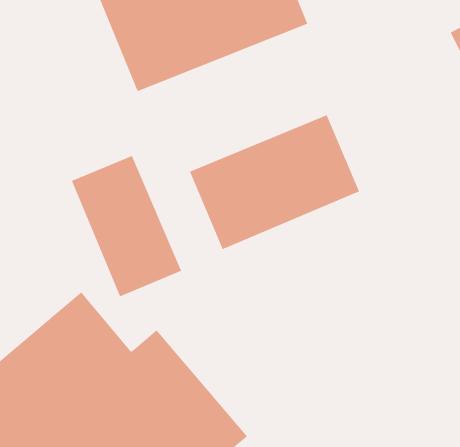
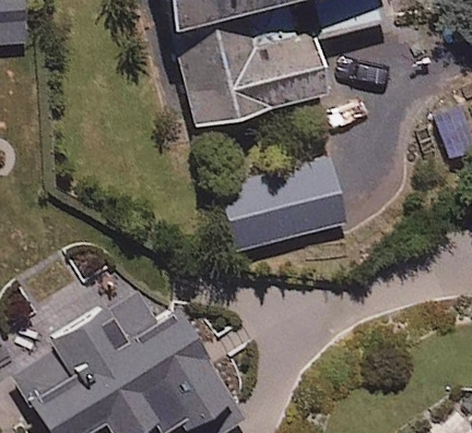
building: [71,155,182,297] -> none

